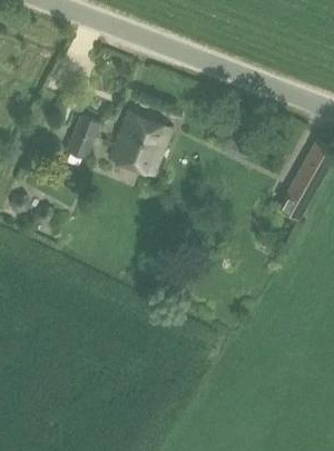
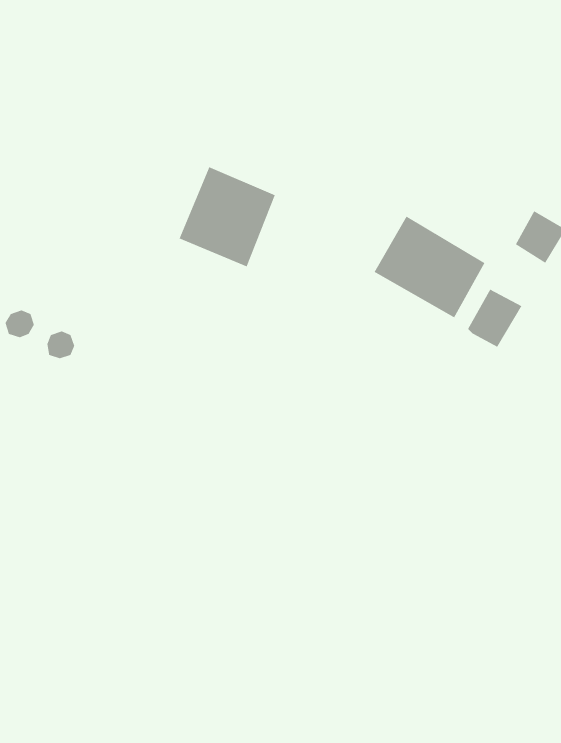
building: [63,114,100,159] -> none
building: none -> [374,216,486,318]

